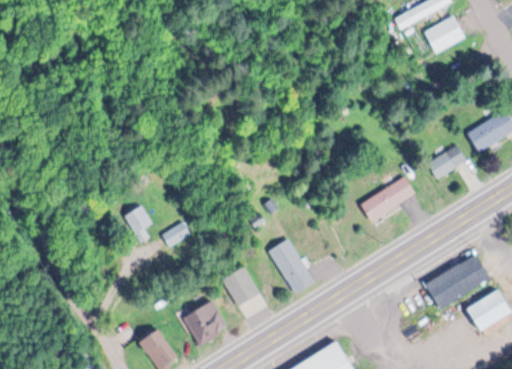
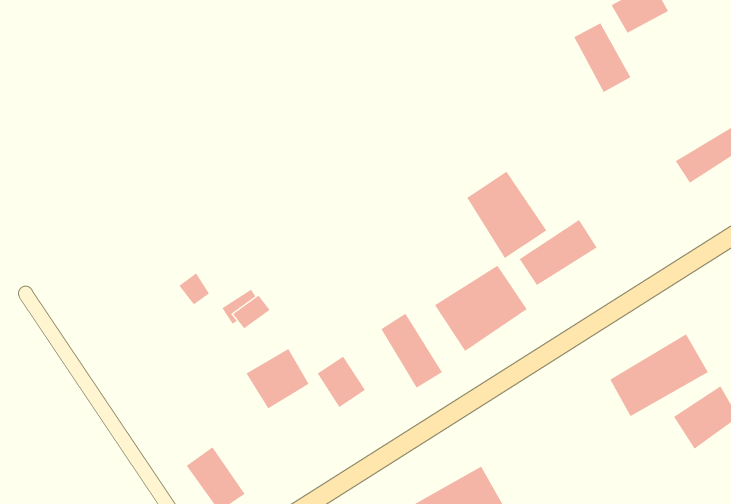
building: none -> [573,23,631,93]
building: none -> [466,171,547,259]
building: [428,144,466,177] -> none
building: none -> [434,265,528,352]
building: [185,302,228,343] -> [246,348,309,409]

